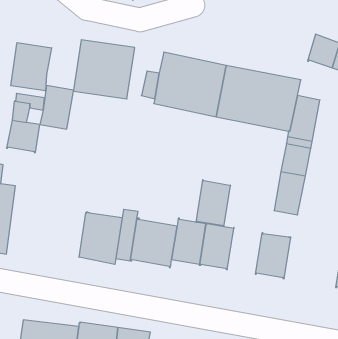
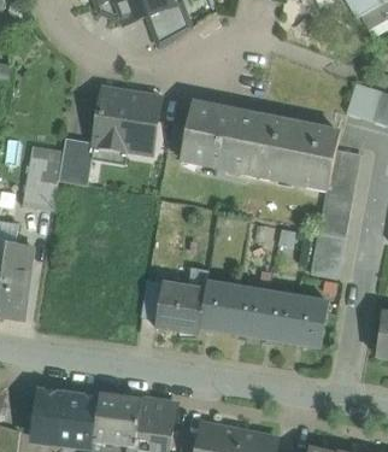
building: [11,43,52,91] -> none
building: [196,180,231,227] -> [260,290,298,341]
building: [79,212,122,264] -> none

